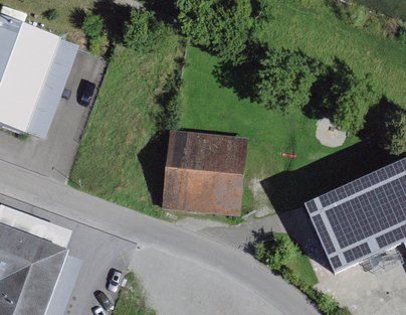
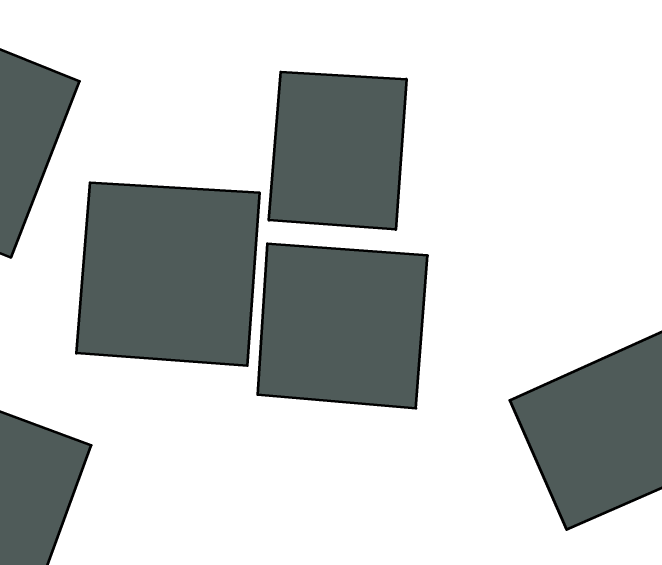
building: none -> [269,72,406,230]
building: none -> [76,183,259,366]

